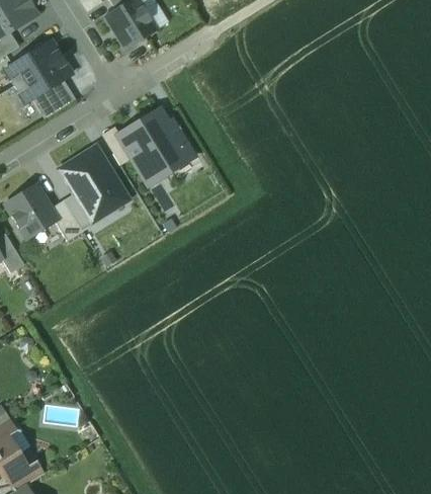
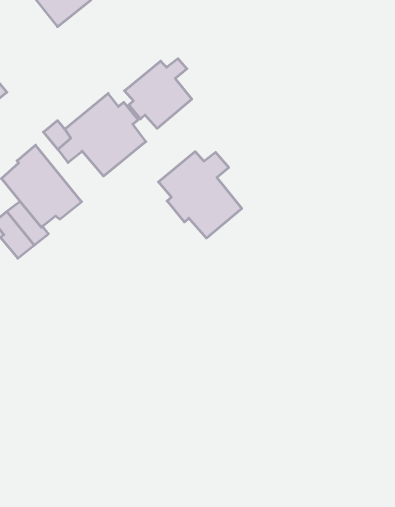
building: none -> [124,59,192,128]
building: none -> [158,152,242,238]

